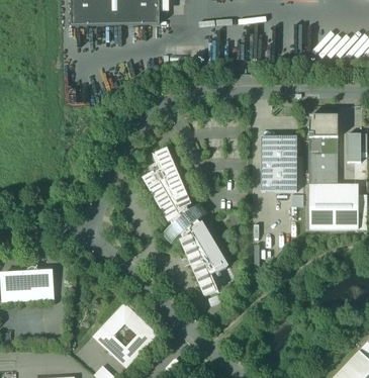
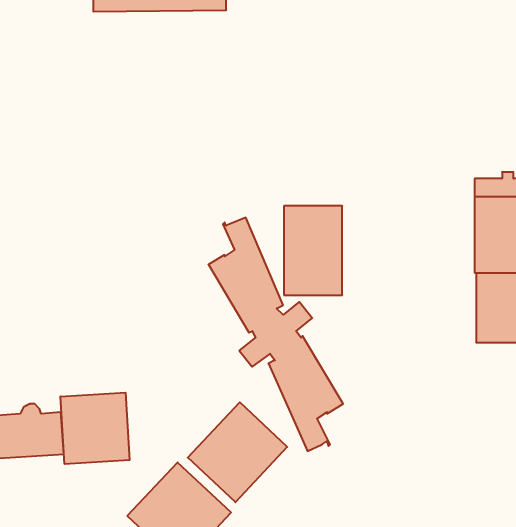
building: [261,134,297,190] -> [284,206,342,295]
building: none -> [60,393,130,464]
building: none -> [188,402,287,502]

